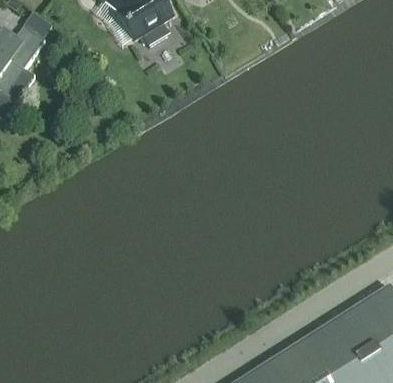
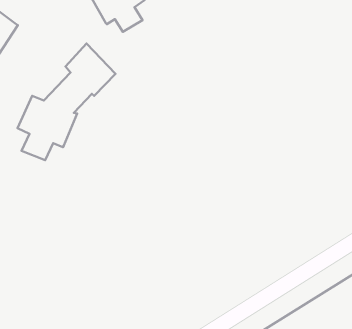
building: none -> [17,43,116,160]

